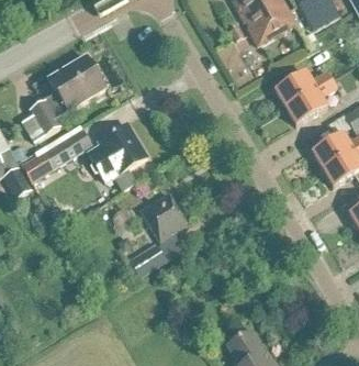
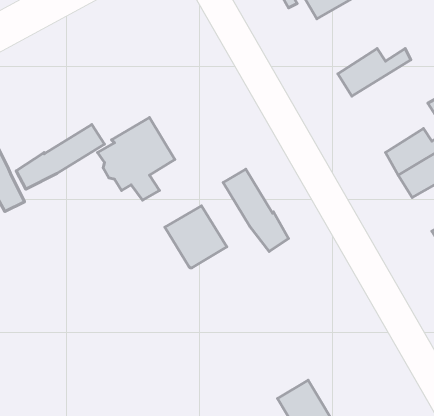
building: [29,54,104,132] -> none
building: [285,77,336,123] -> none
building: none -> [223,169,289,252]
building: [131,239,172,275] -> none

